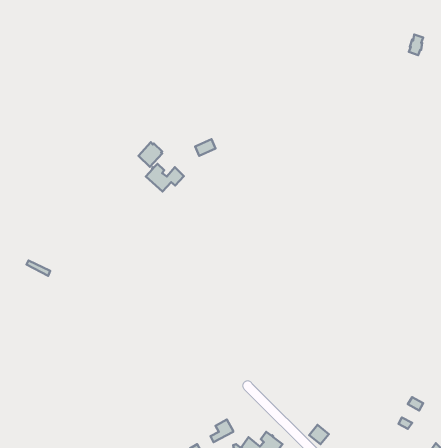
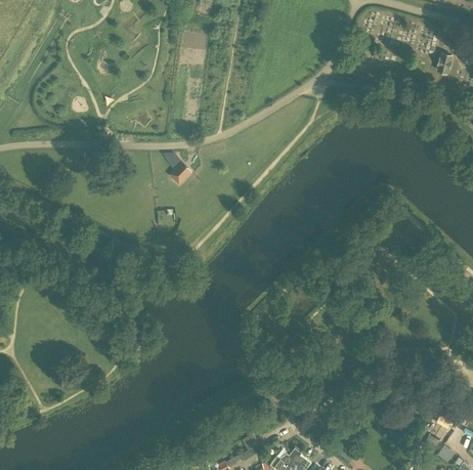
building: [146,164,184,192] -> none

